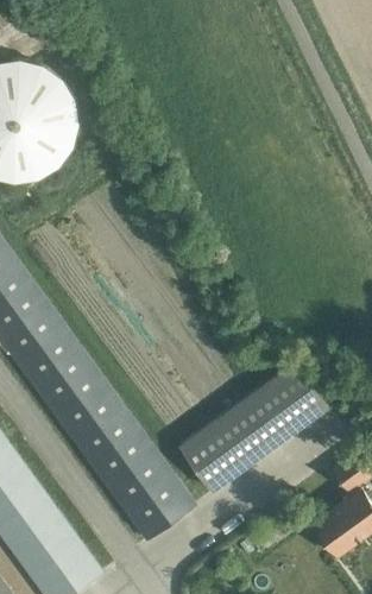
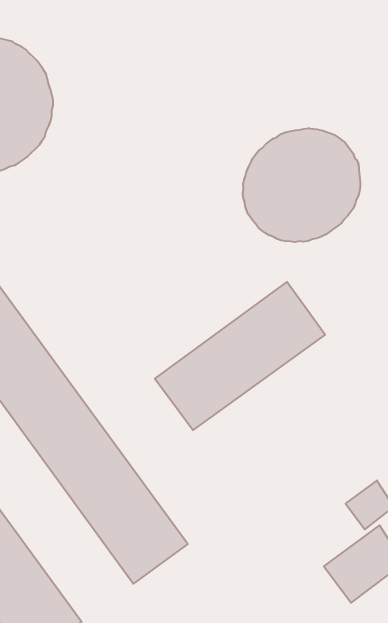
building: none -> [243,128,360,242]
building: [181,362,329,492] -> [155,282,325,430]

